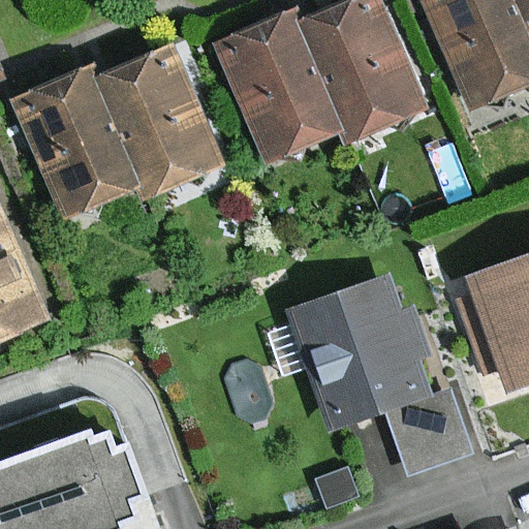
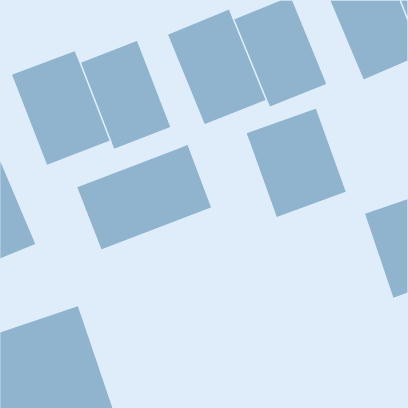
building: none -> [246,108,346,218]
building: none -> [76,144,212,250]
building: [290,276,467,470] -> none

